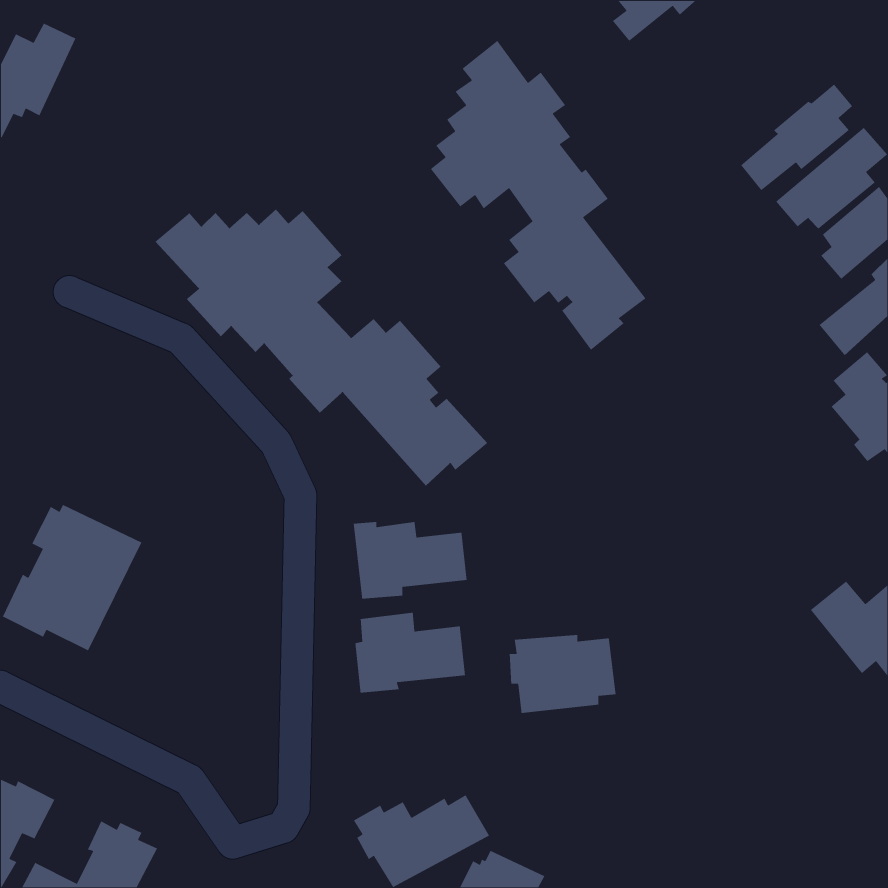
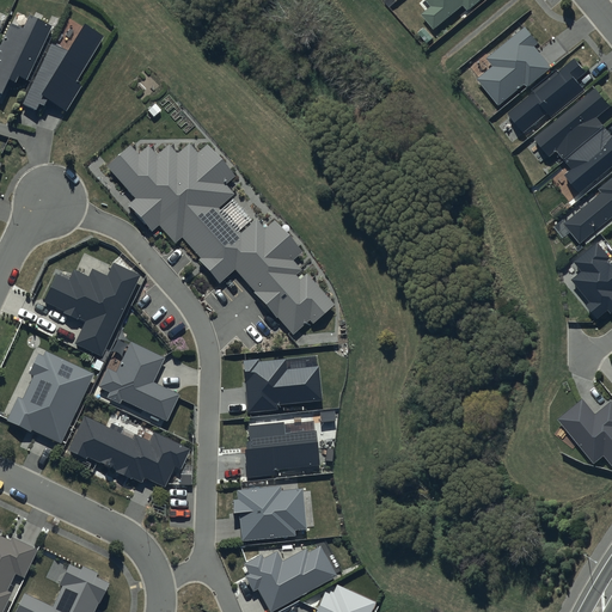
building: none -> [22,24,104,110]
building: [430,40,647,351] -> none
building: none -> [478,27,552,105]
building: none -> [44,264,139,356]
building: none -> [98,342,180,422]
building: none -> [67,415,191,488]
building: [509,634,617,714] -> [233,486,307,541]

